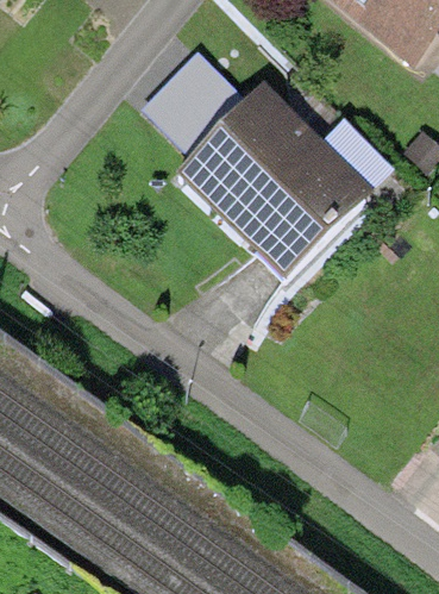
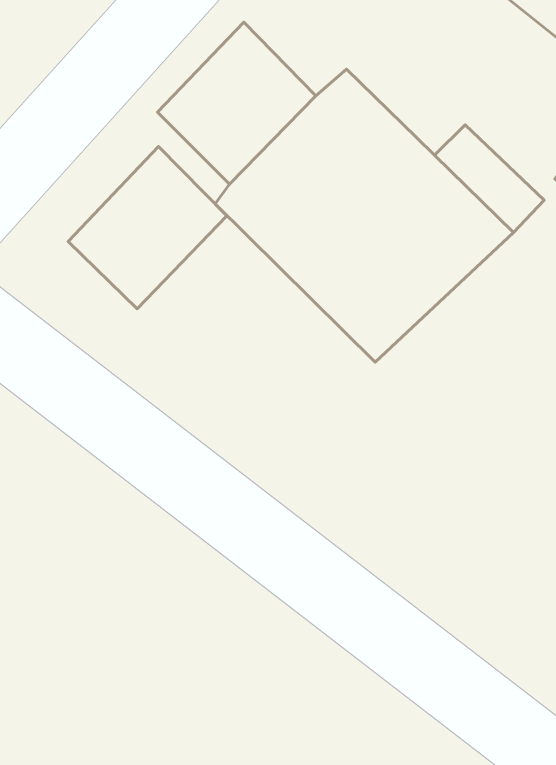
building: none -> [68,147,227,309]

